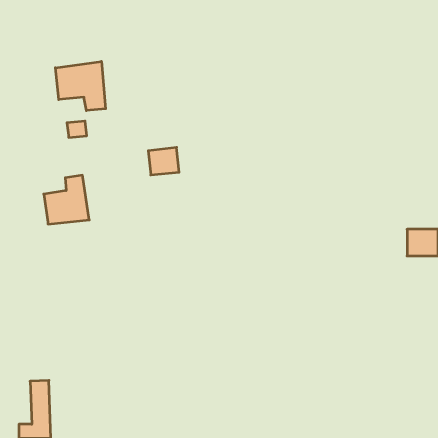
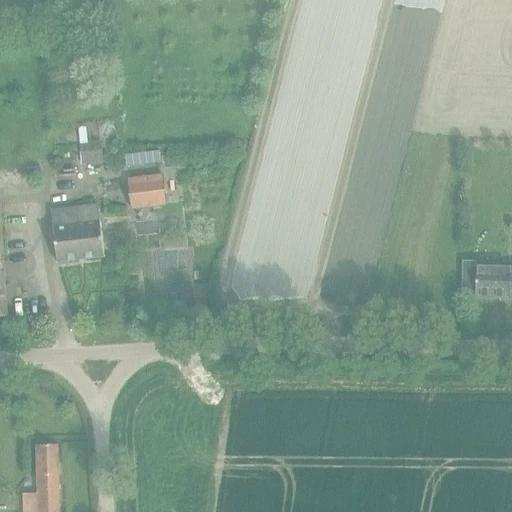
building: [55,61,106,111] -> none
building: [148,147,179,175] -> [129,172,165,204]

